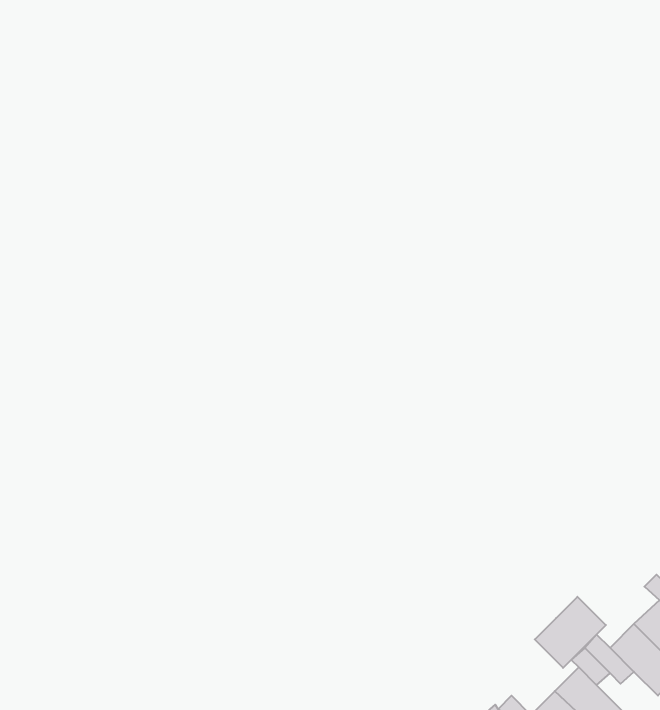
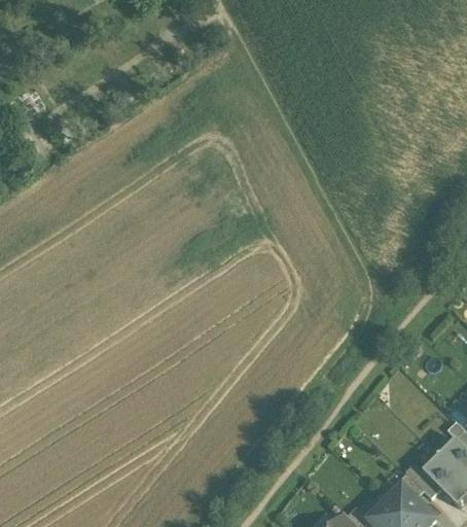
building: [535,597,606,668] -> none

